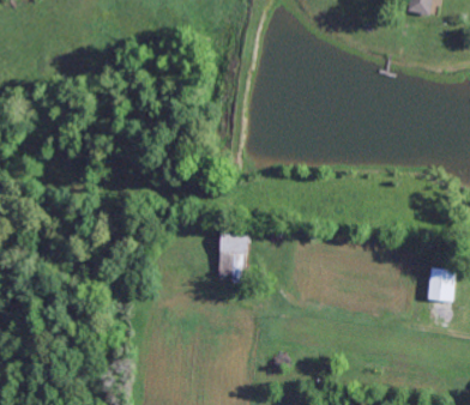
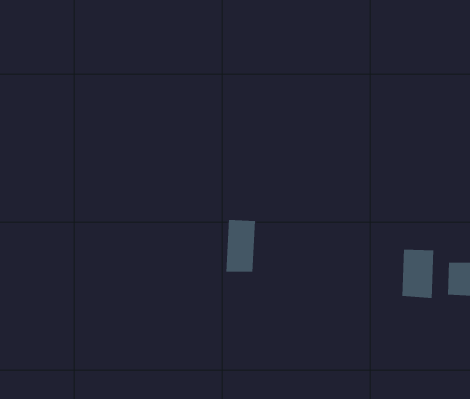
building: none -> [402,249,434,299]

